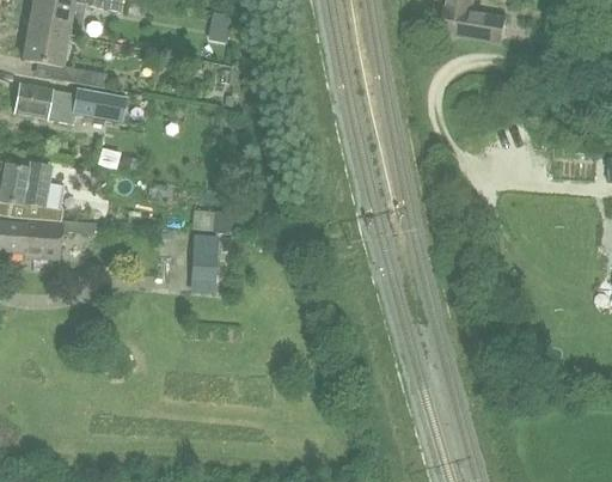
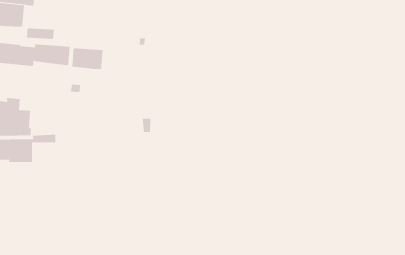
building: none -> [72,47,103,70]
building: [190,232,218,281] -> none

